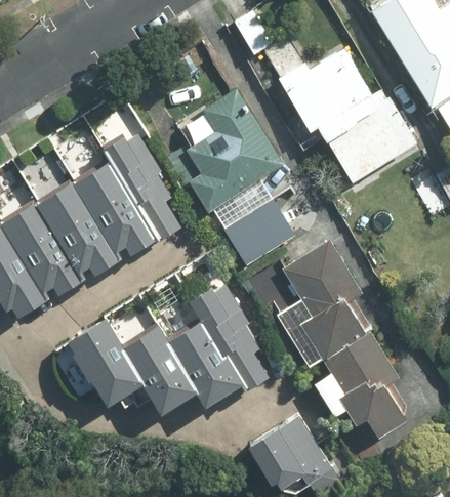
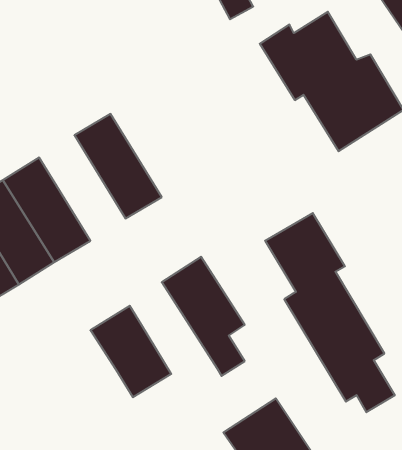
building: [189,87,296,264] -> none
building: [65,164,148,265] -> none
building: [62,324,138,412] -> none
building: [163,326,236,410] -> none

